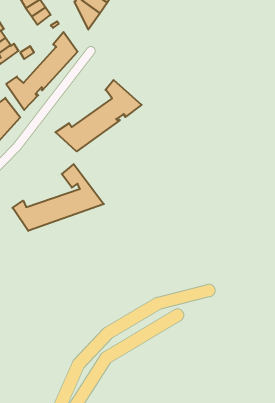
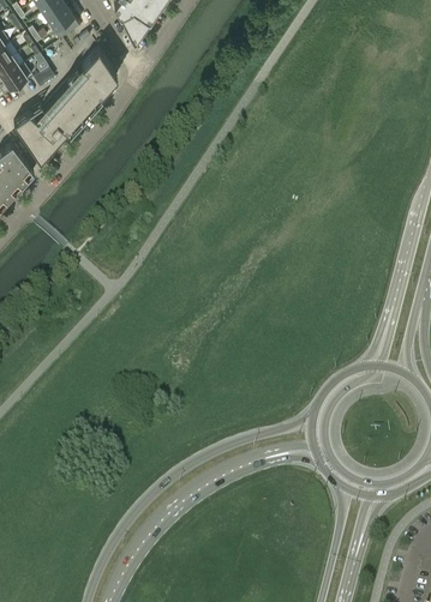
building: [55,80,142,151] -> none
building: [12,164,104,231] -> none

